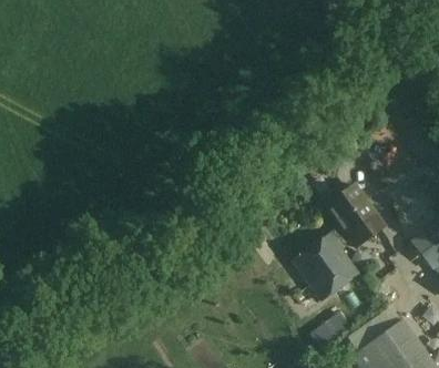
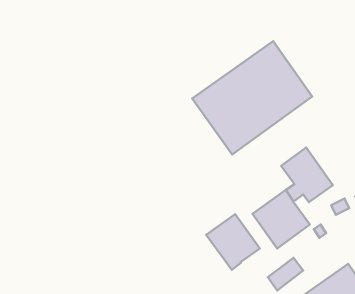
building: none -> [192,41,312,154]
building: none -> [206,214,260,270]

